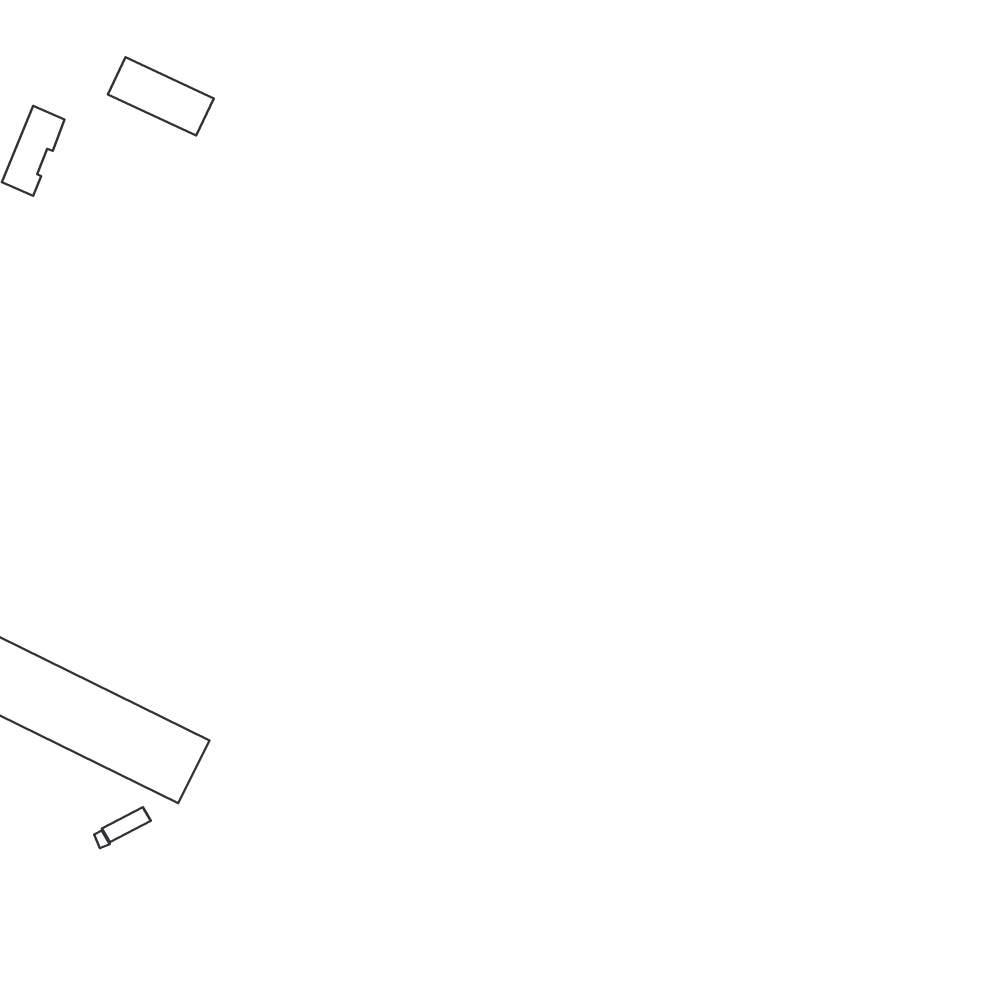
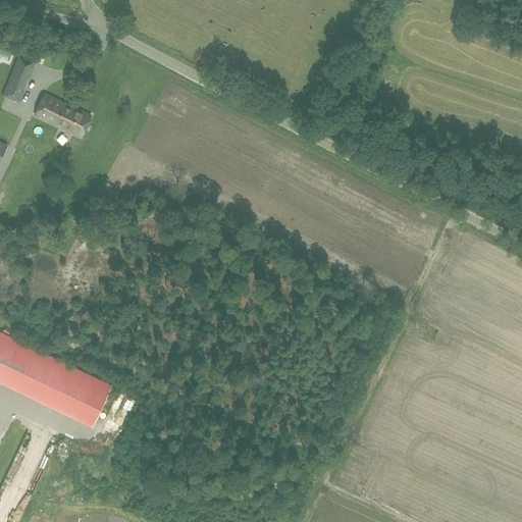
building: [108,57,214,136] -> [35,97,90,138]

